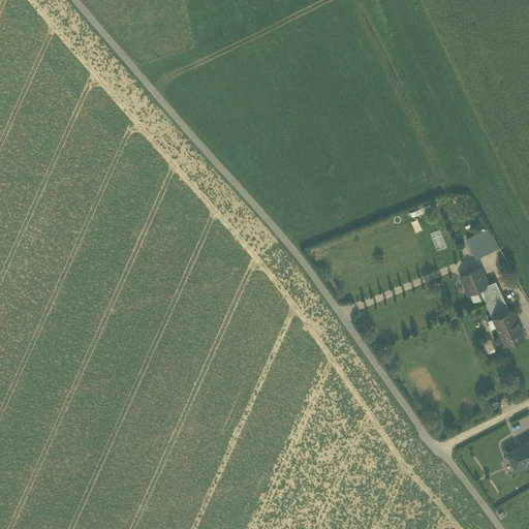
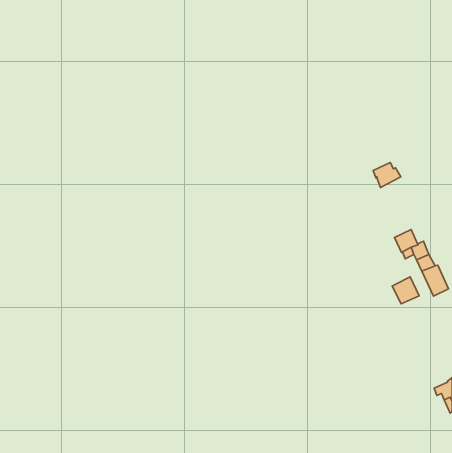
building: [466,229,498,258] -> [373,163,401,187]
building: none -> [392,277,419,304]

